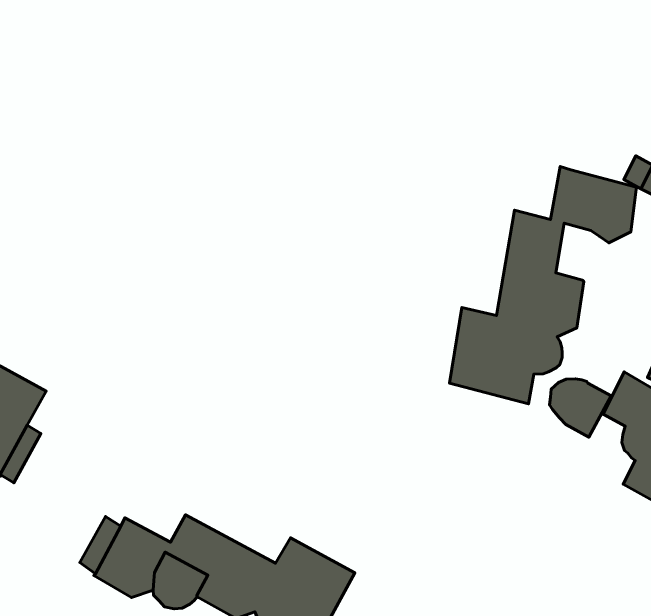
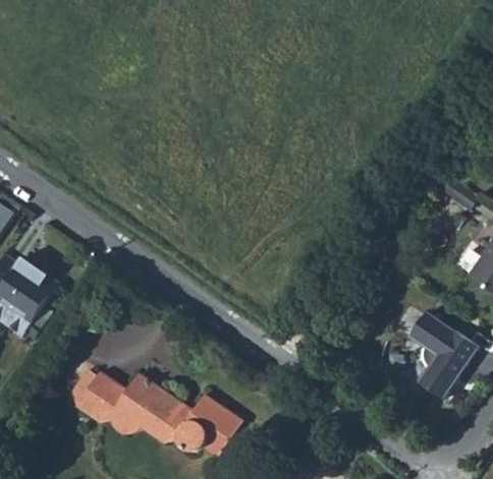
building: [449,166,637,404] -> none
building: [550,379,611,437] -> none

